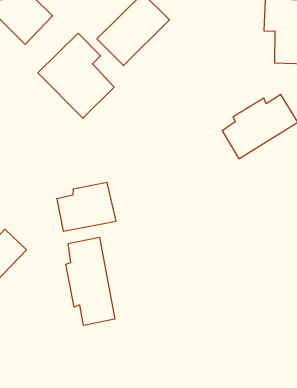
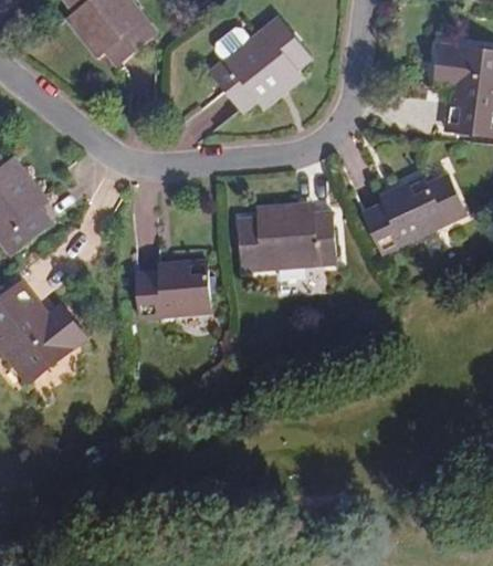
building: [38,33,114,118] -> none
building: none -> [240,213,337,272]
building: [66,237,115,325] -> none

